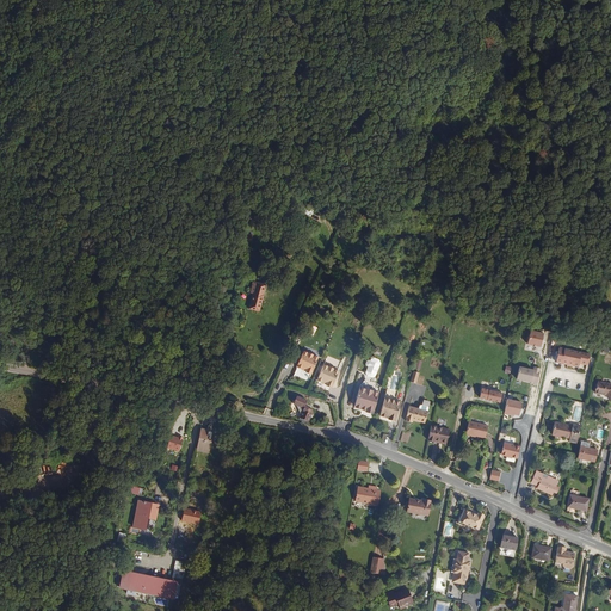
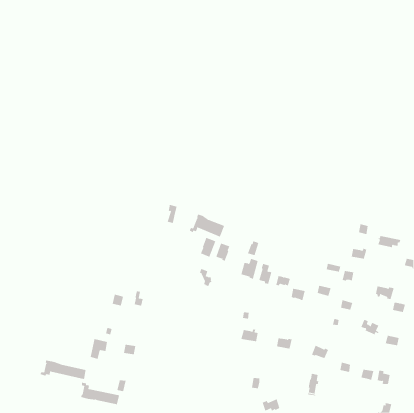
building: none -> [189,213,225,237]
building: none -> [40,359,86,380]

